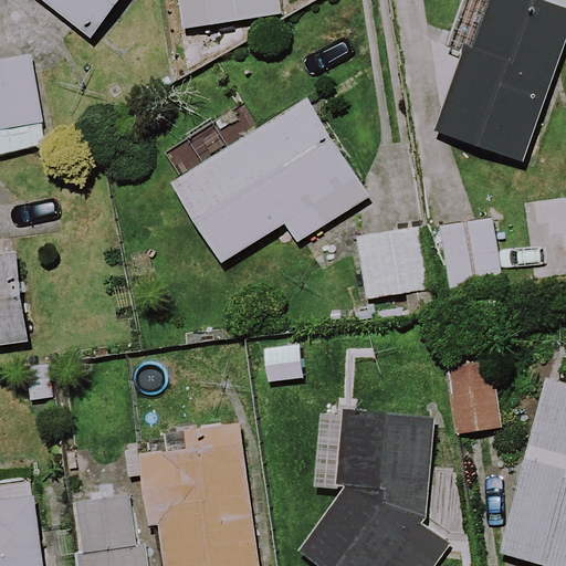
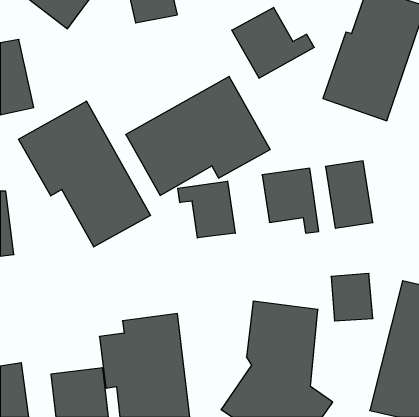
building: none -> [232,7,314,78]
building: none -> [19,101,151,247]
building: none -> [178,181,235,238]

